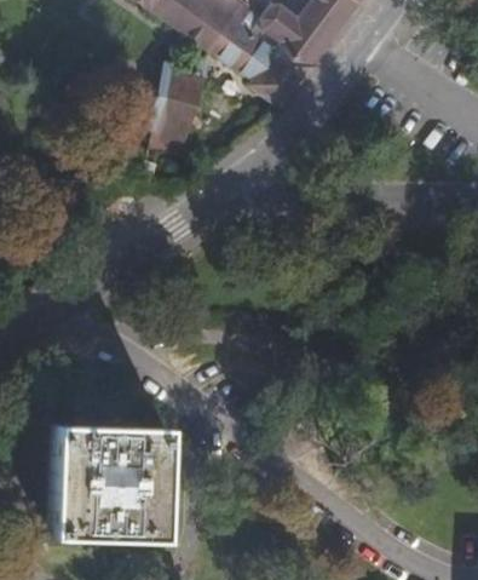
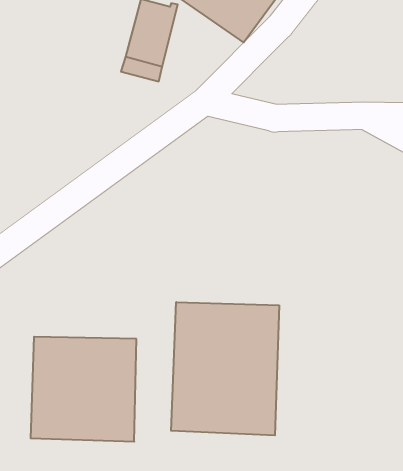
building: none -> [171,302,279,435]

